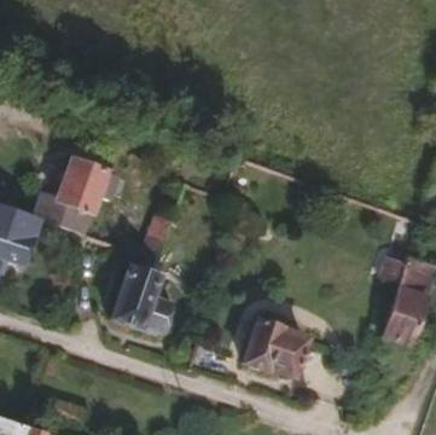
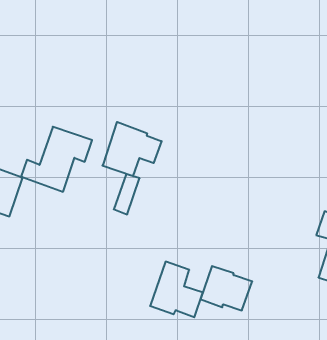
building: none -> [102,122,162,176]
building: [114,265,175,330] -> [150,262,203,317]

